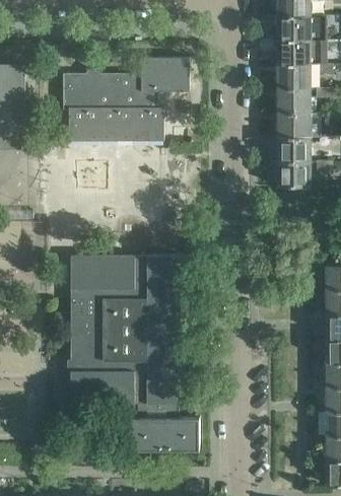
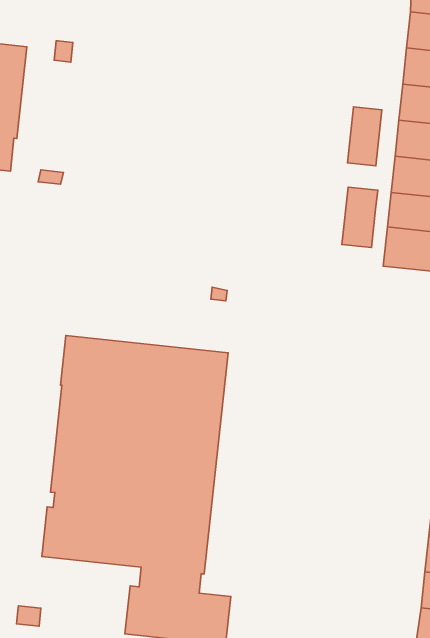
building: [63,57,189,140] -> none
building: none -> [348,107,382,166]
building: none -> [342,187,378,248]

